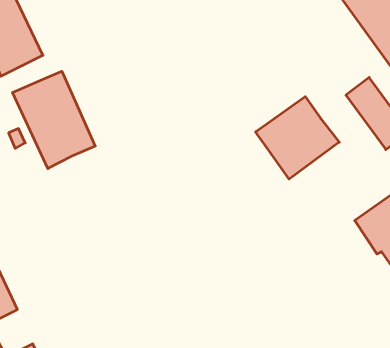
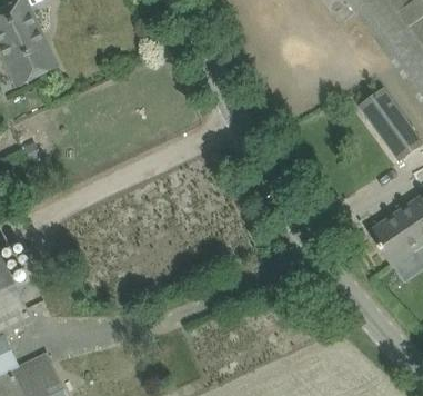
building: [13,71,95,169] -> none
building: [256,97,339,179] -> none

